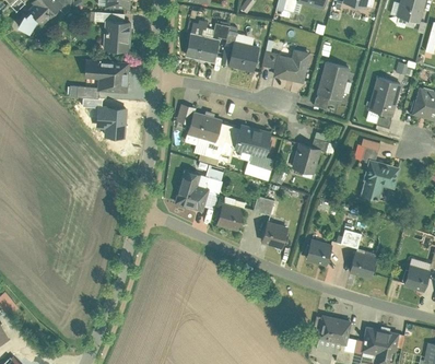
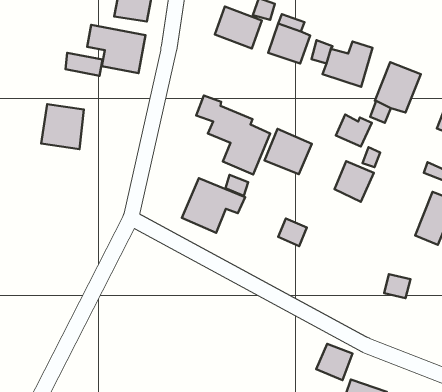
building: [96,105,127,138] -> [41,104,84,149]
building: [246,155,273,179] -> [336,114,372,147]
building: [215,202,243,231] -> none
building: [261,222,286,247] -> none
building: [304,238,331,266] -> [316,344,352,380]
building: [349,249,376,278] -> none

